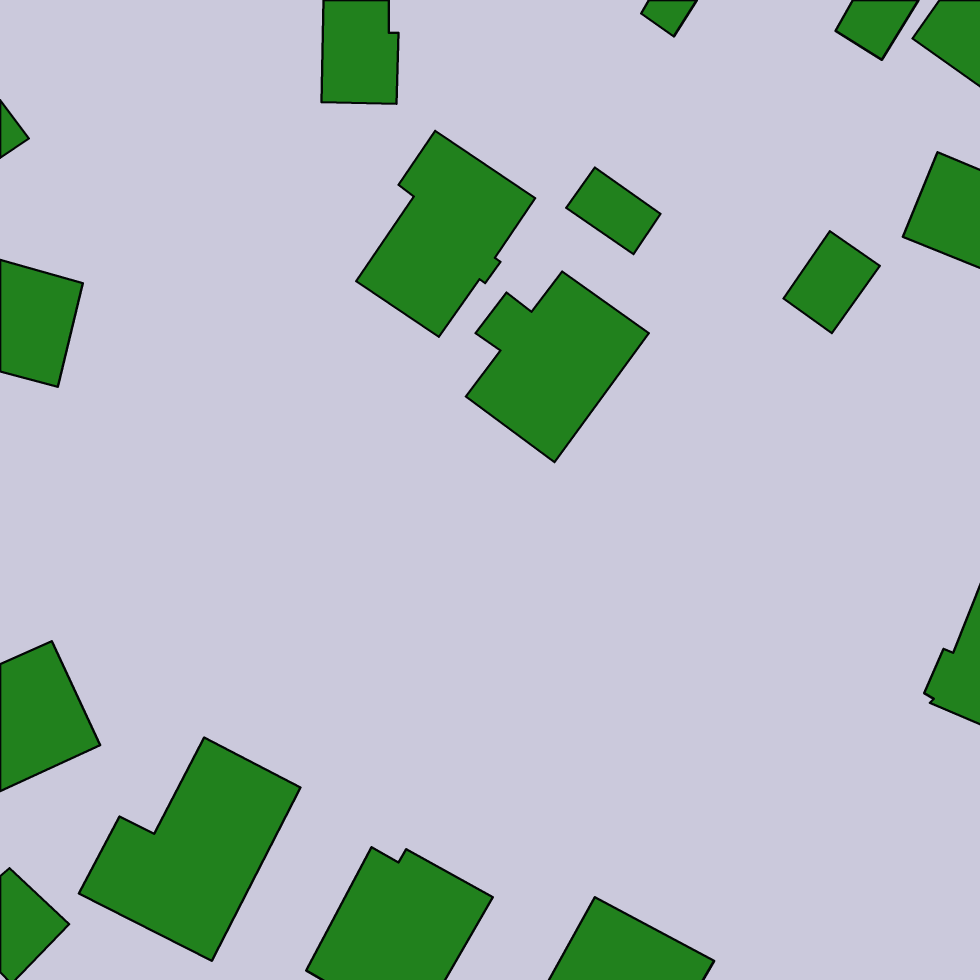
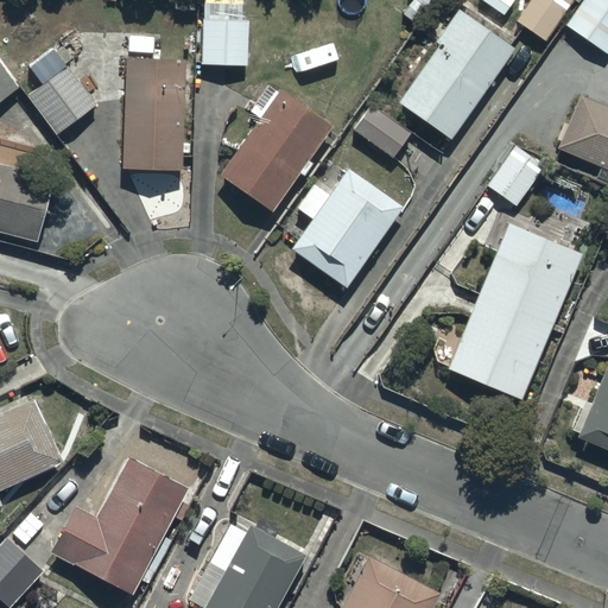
building: none -> [399,12,515,140]
building: none -> [27,49,97,135]
building: none -> [125,58,184,169]
building: none -> [449,223,583,399]

